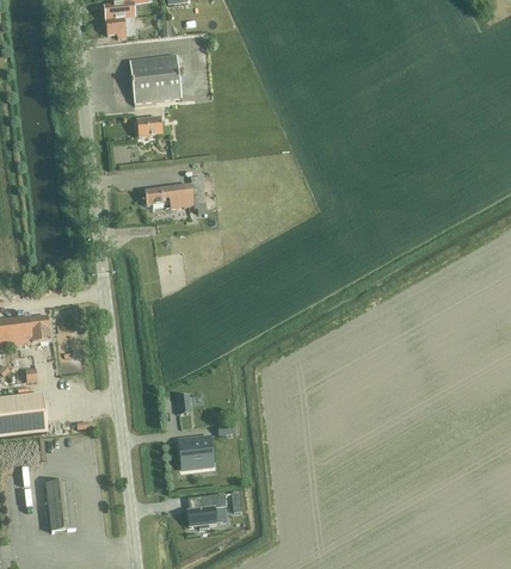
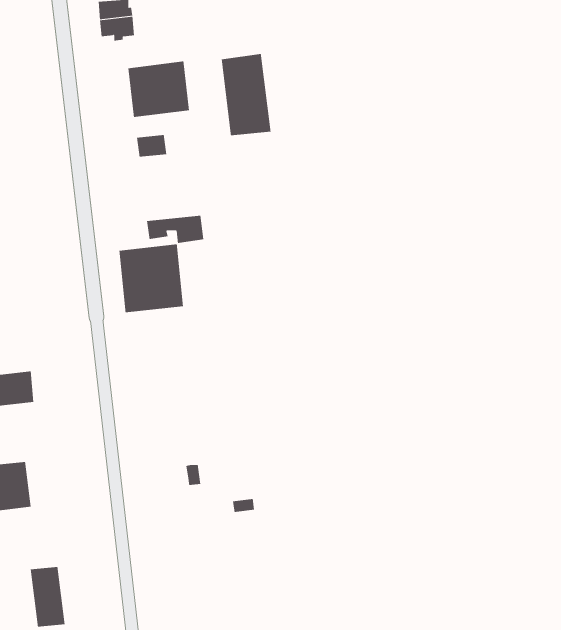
building: none -> [221,53,271,136]
building: none -> [119,244,184,313]
building: [178,435,211,462] -> none
building: [186,494,226,528] -> none

